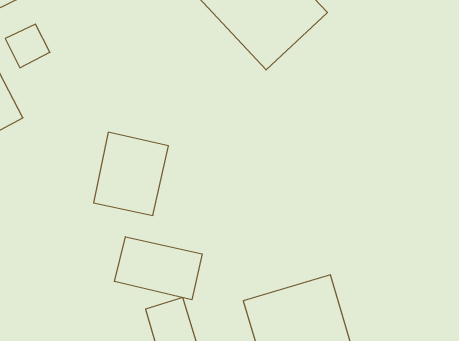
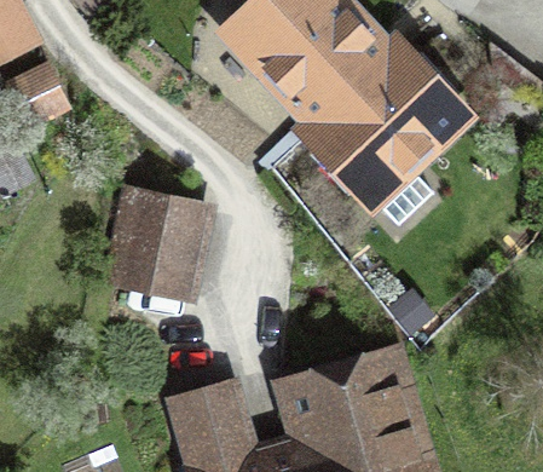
building: none -> [304,42,456,219]
building: [114,237,202,300] -> none

